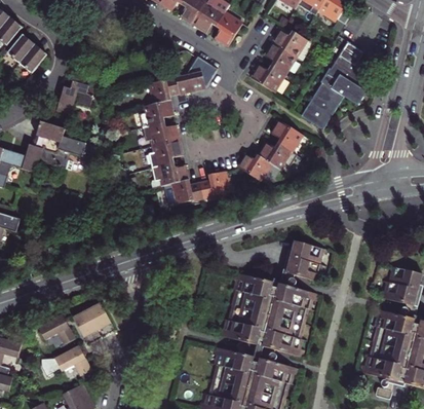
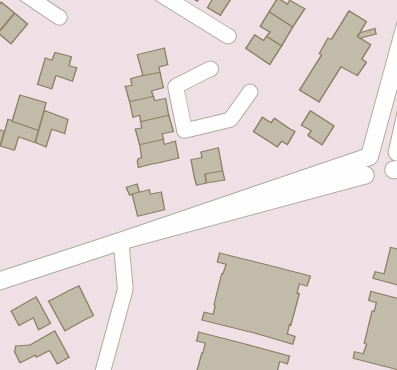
building: [176,57,218,95] -> none
building: [272,120,303,152] -> [301,111,334,145]
building: [238,153,273,182] -> none
building: [172,180,203,204] -> [132,190,165,216]
building: [279,237,316,278] -> none

